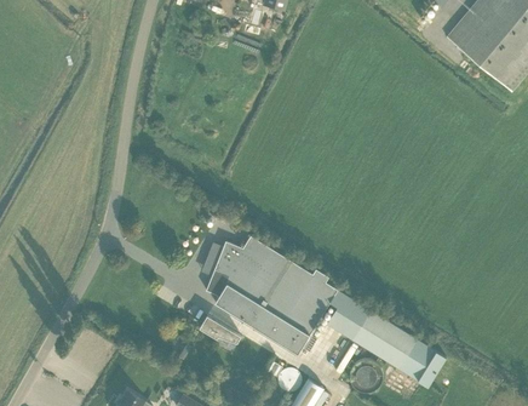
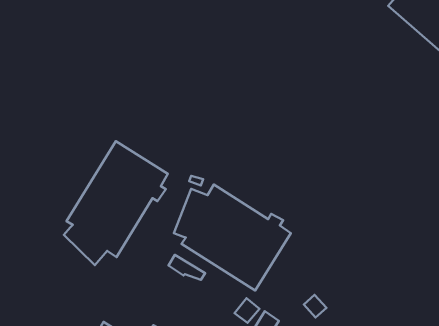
building: none -> [64,141,168,265]
building: [326,290,444,387] -> none

